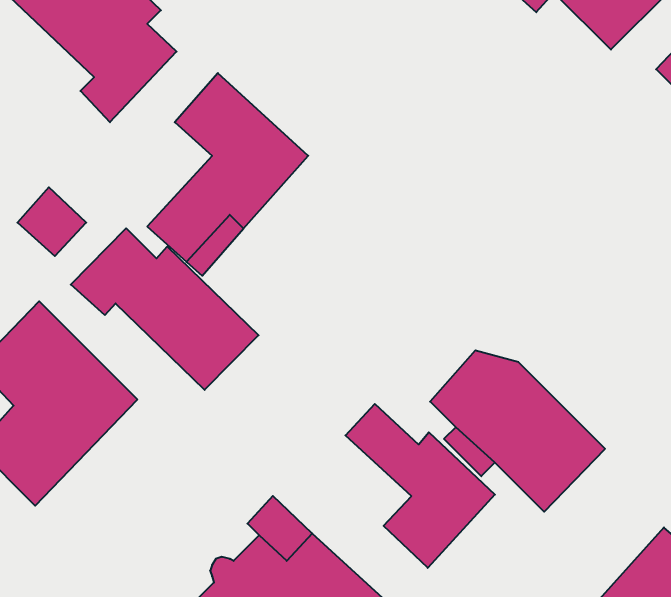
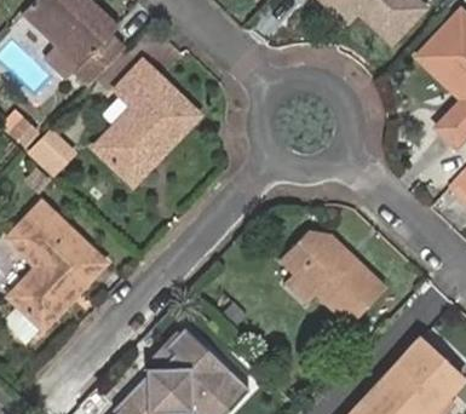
building: [71,228,259,390] -> none
building: [345,404,495,568] -> none

